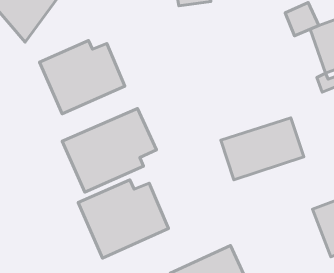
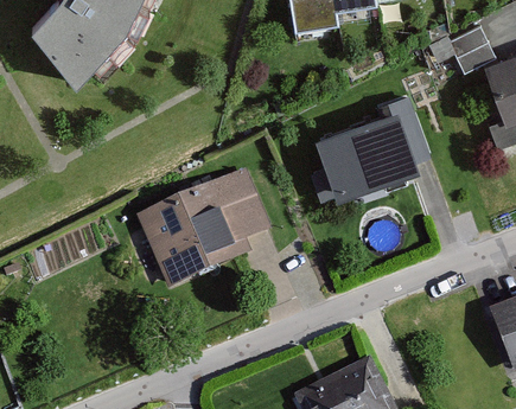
building: [39,41,125,114] -> none
building: [221,118,304,180] -> [313,108,427,193]
building: [78,180,168,258] -> none

